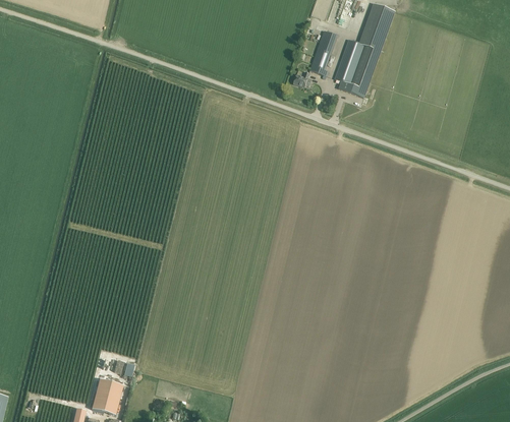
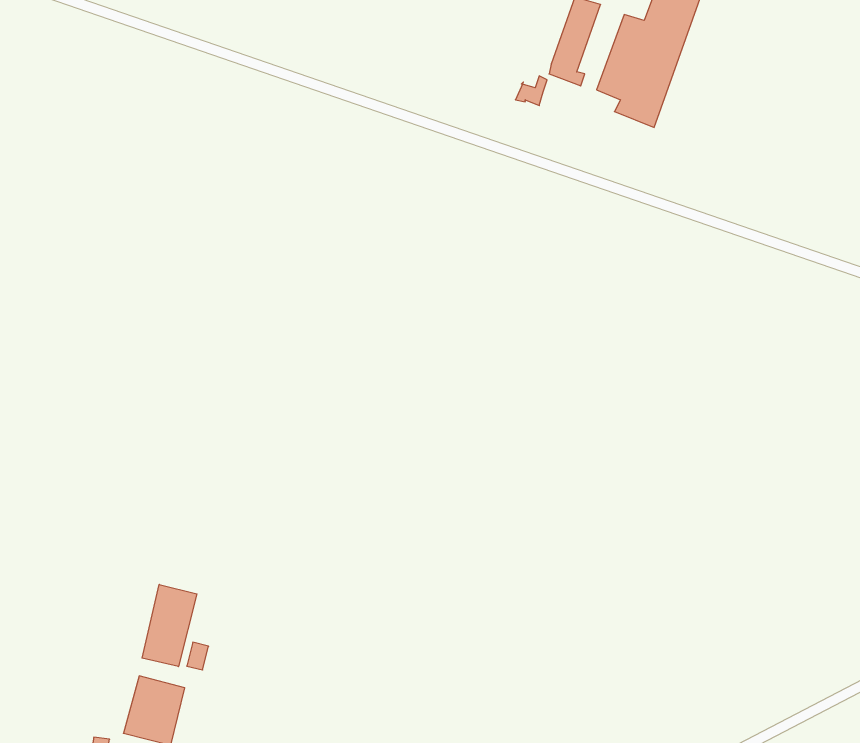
building: none -> [142,584,197,667]

